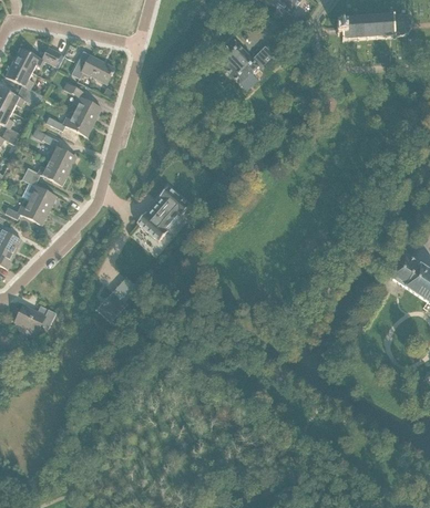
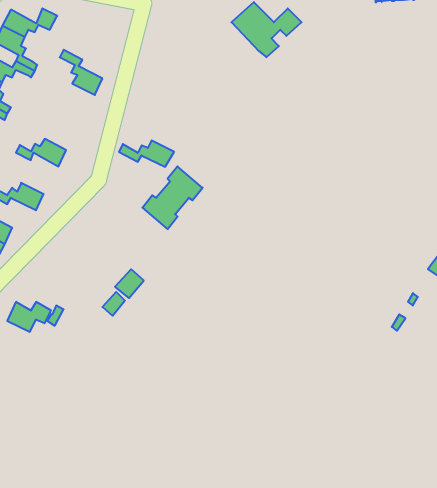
building: [71,51,114,83] -> none
building: [45,112,94,135] -> [119,140,174,167]
building: [42,133,76,170] -> none
building: [21,173,57,209] -> none

